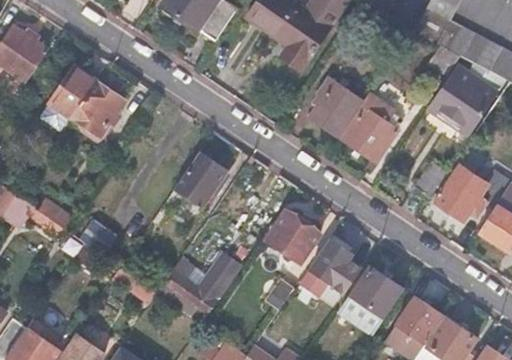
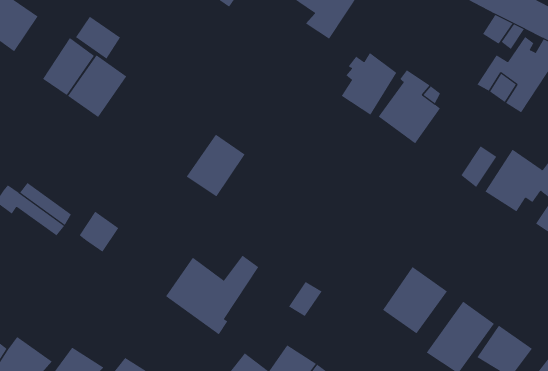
building: none -> [75,16,121,60]
building: [269,211,321,262] -> none
building: [312,239,353,282] -> none

